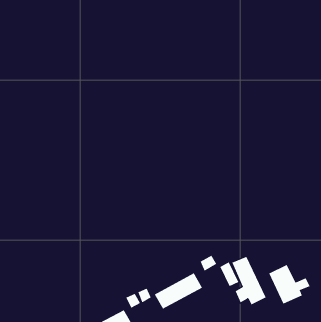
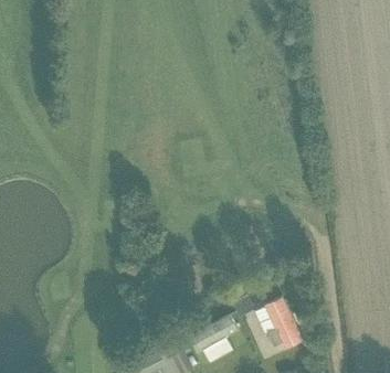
building: [268,264,310,305] -> none

